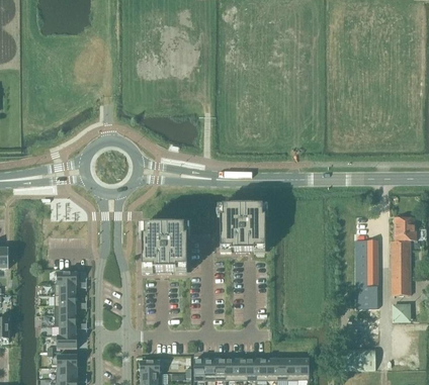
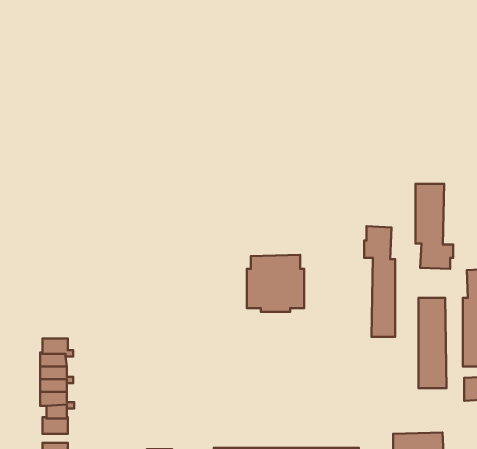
building: none -> [416,184,453,269]
building: none -> [364,226,395,337]
building: [141,226,186,271] -> none

